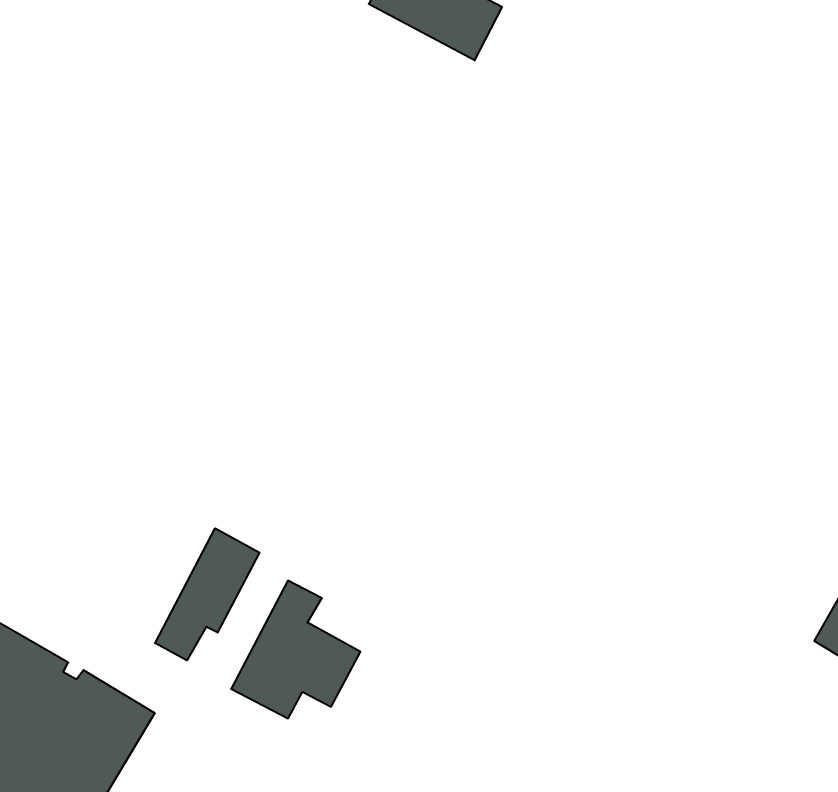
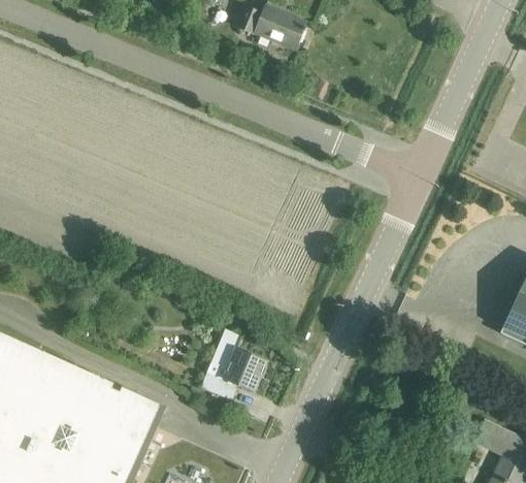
building: [155,528,259,660] -> none

